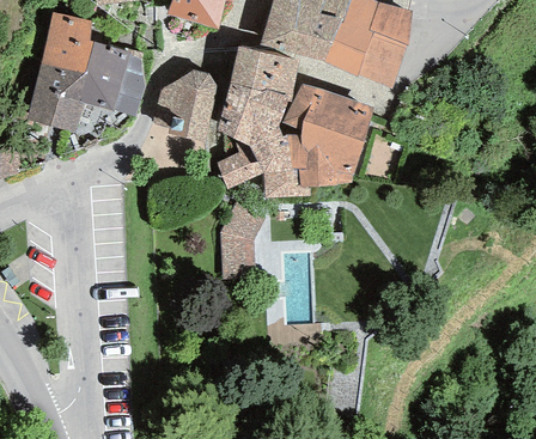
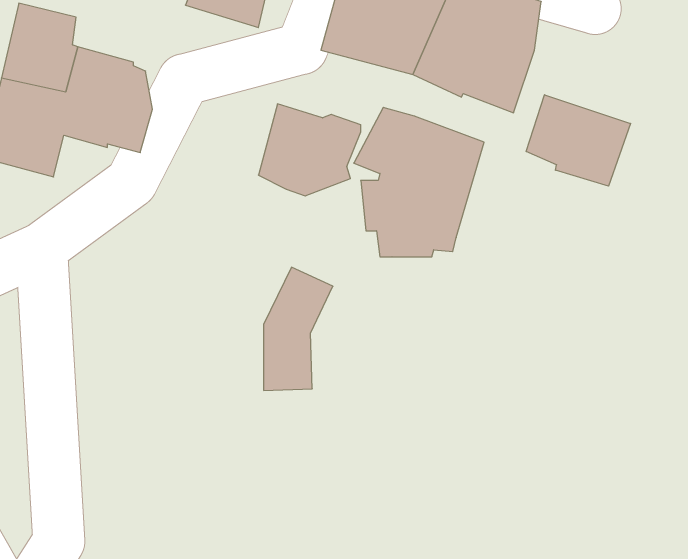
building: [231,45,299,100] -> none
building: [153,69,217,140] -> none
building: none -> [526,95,631,186]
building: [217,132,310,196] -> none

